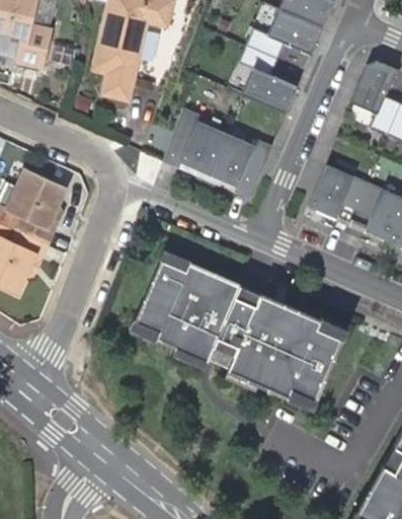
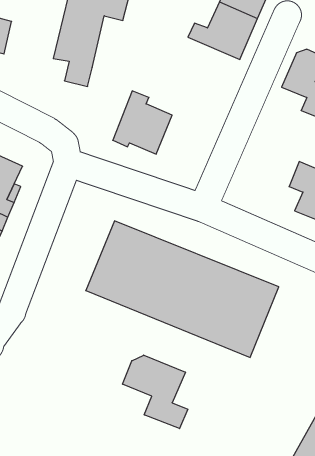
building: [238,50,301,115] -> none
building: [210,135,271,199] -> none
building: [305,168,366,226] -> none
building: none -> [123,355,188,429]

